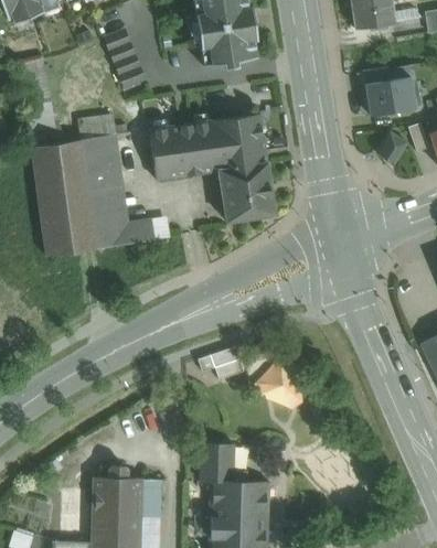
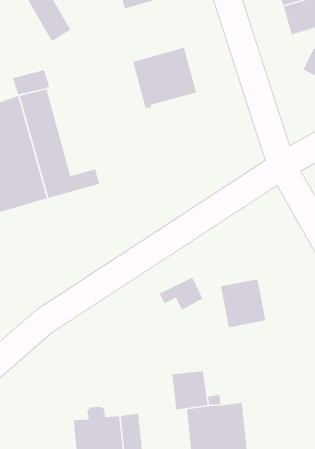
building: [148,120,211,180] -> none
building: [217,161,275,222] -> none

